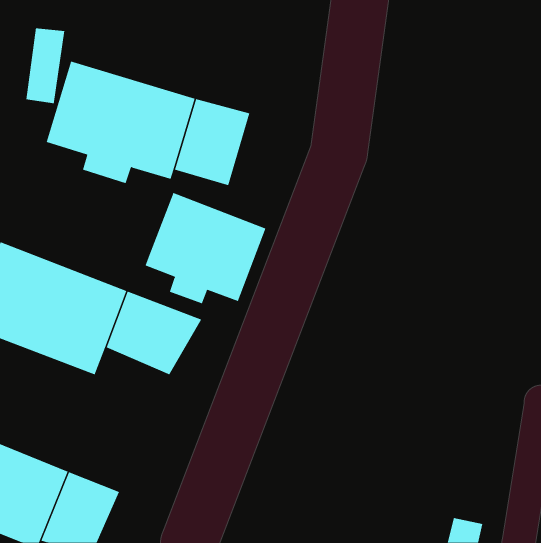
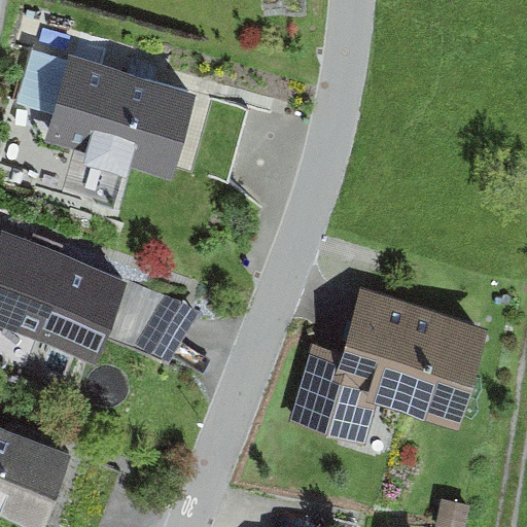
building: [145,192,266,304] -> none
building: none -> [291,294,477,434]

